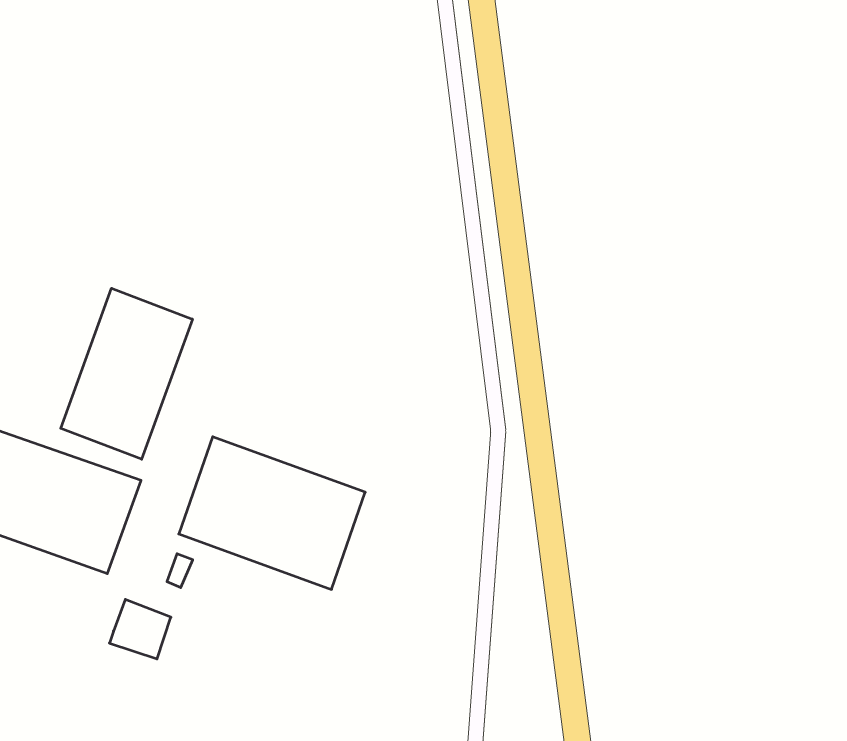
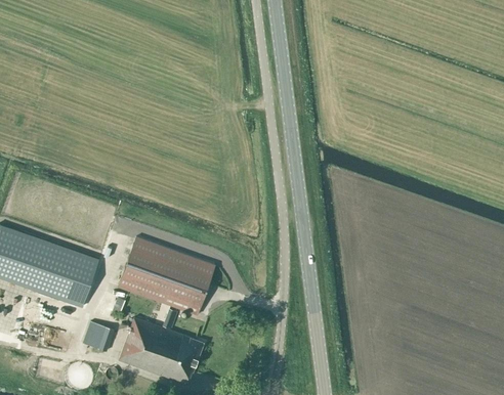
building: [61,288,192,459] -> none
building: none -> [118,317,203,384]

